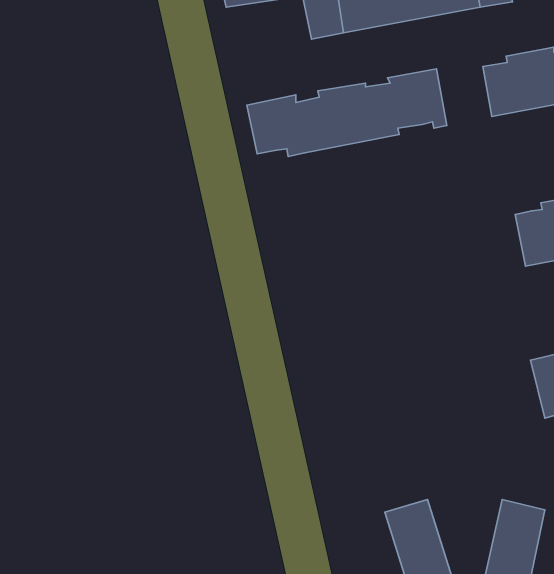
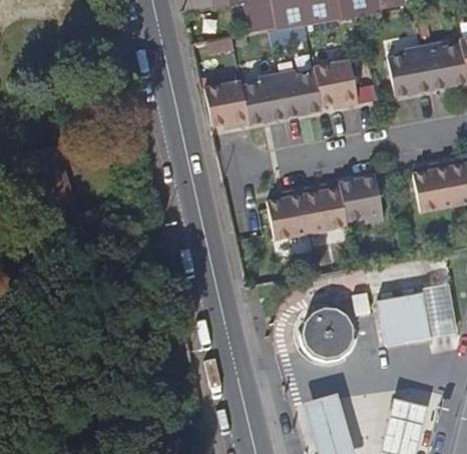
building: none -> [264,175,383,241]
building: none -> [378,292,432,346]
building: none -> [302,300,359,358]

